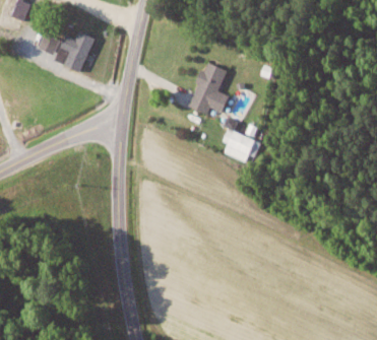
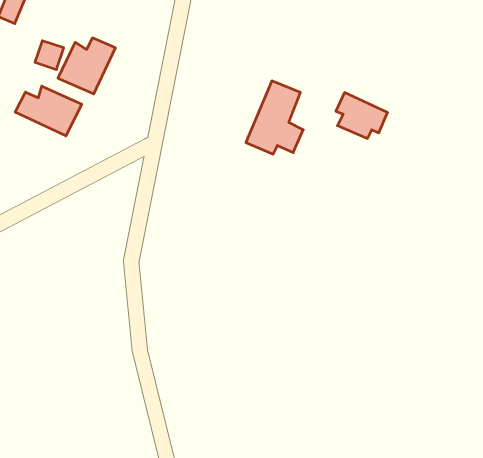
building: none -> [15,86,82,136]
building: [222,129,258,161] -> [336,93,388,138]

